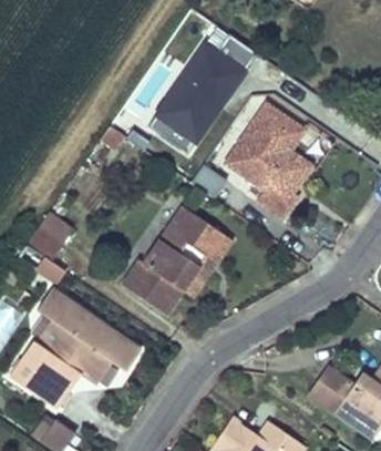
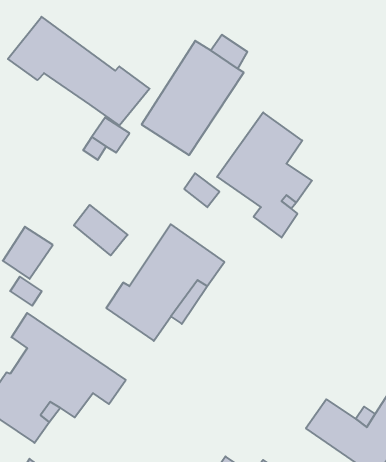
building: none -> [8,17,150,126]
building: none -> [74,205,128,255]

